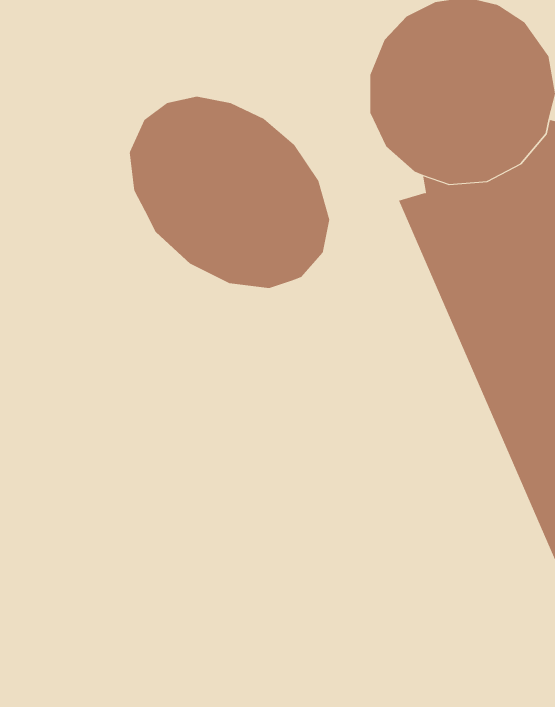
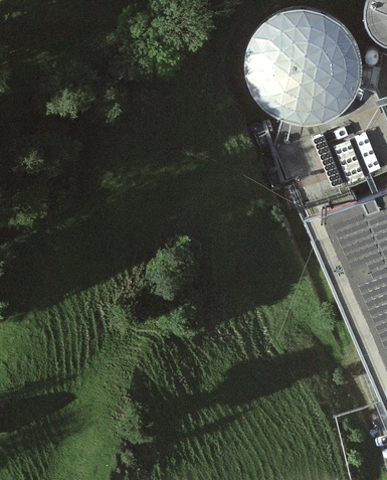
building: [129,96,330,289] -> none

